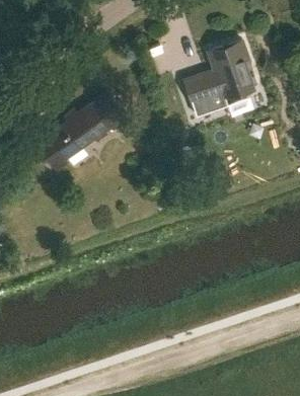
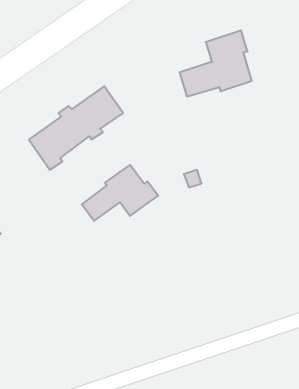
building: none -> [82,165,158,221]

